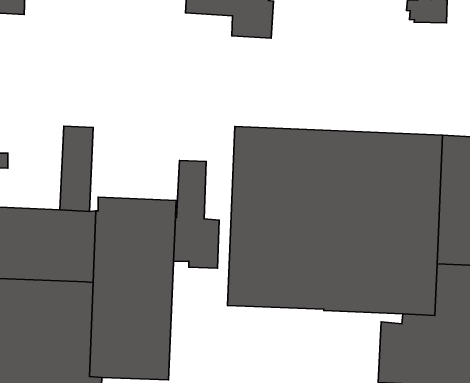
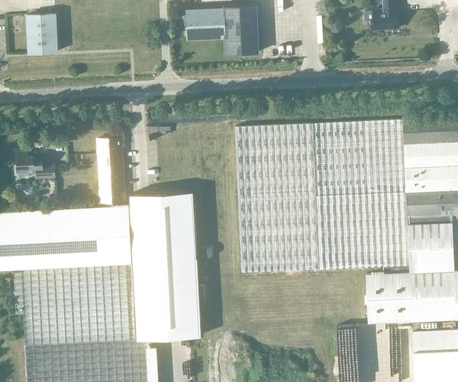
building: [174,160,219,268] -> none

